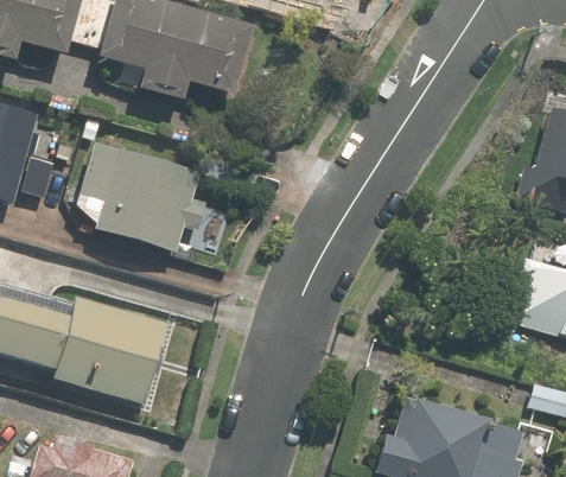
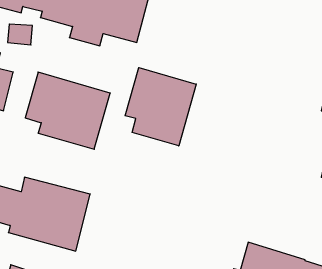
building: none -> [125,68,196,146]

